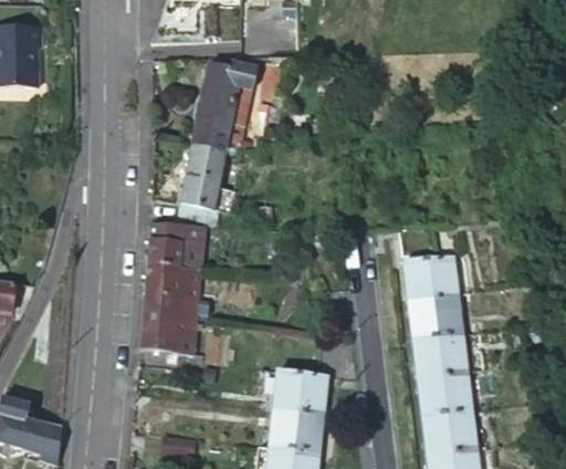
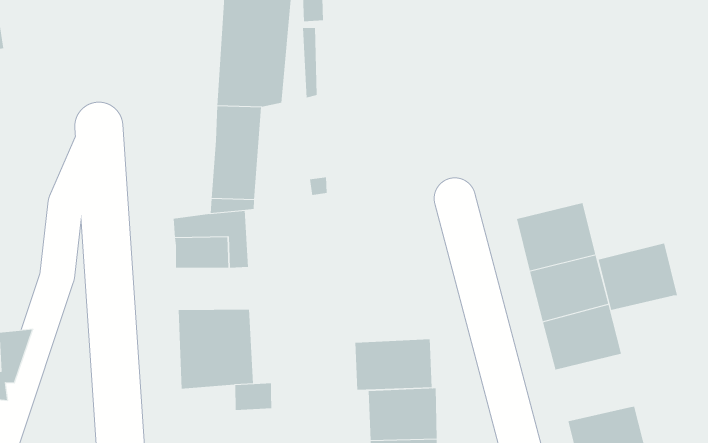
building: [145,259,201,296] -> none
building: none -> [355,338,432,390]
building: [416,366,471,410] -> [598,243,678,310]

